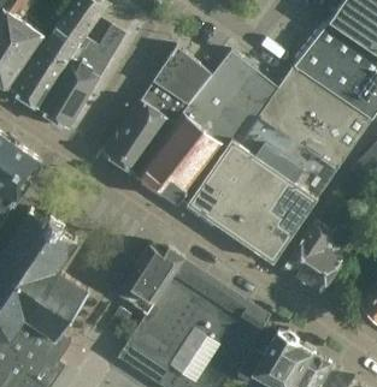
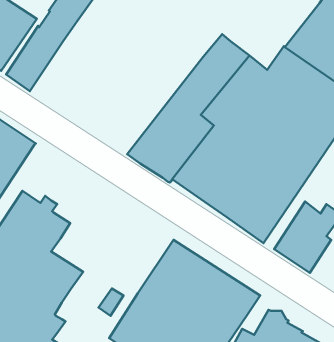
building: [36,25,125,130] -> none
building: [102,47,212,173] -> none
building: [112,244,182,314] -> none

